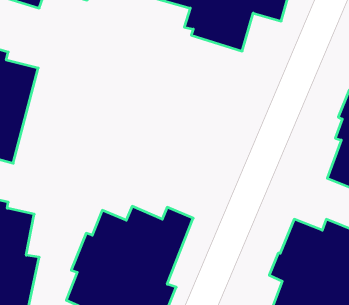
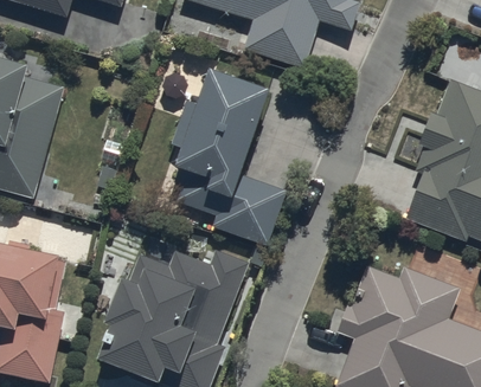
building: none -> [172,70,287,245]

